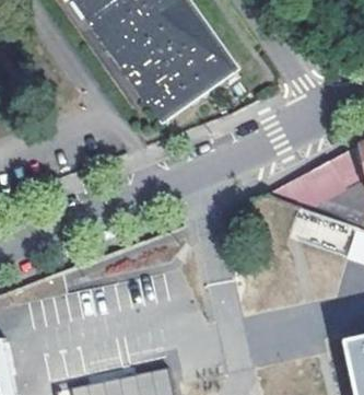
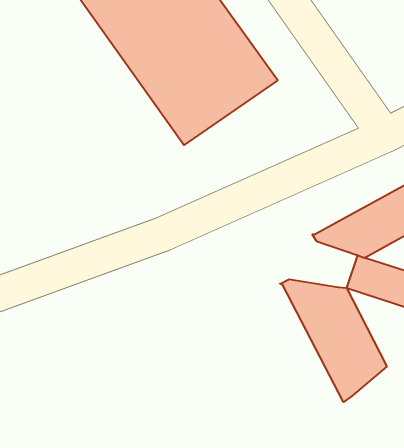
building: none -> [280,279,387,402]

